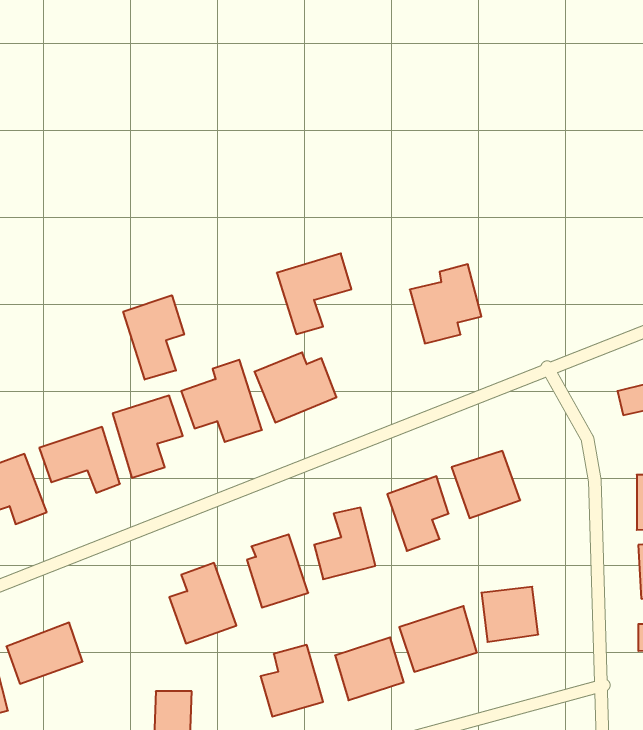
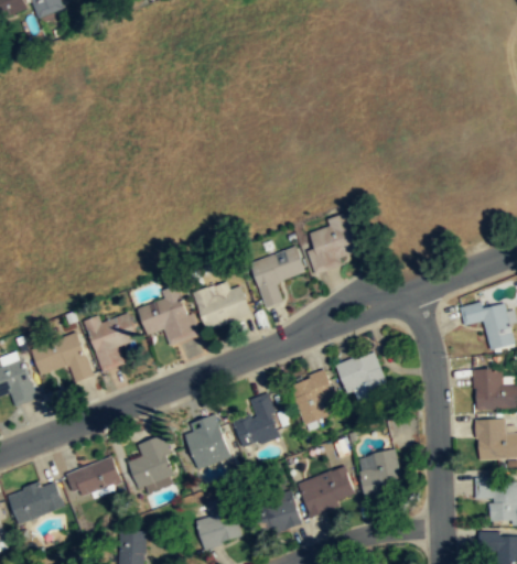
building: [277,253,351,334] -> [250,247,305,306]
building: [123,295,184,380] -> none
building: none -> [67,456,122,498]

